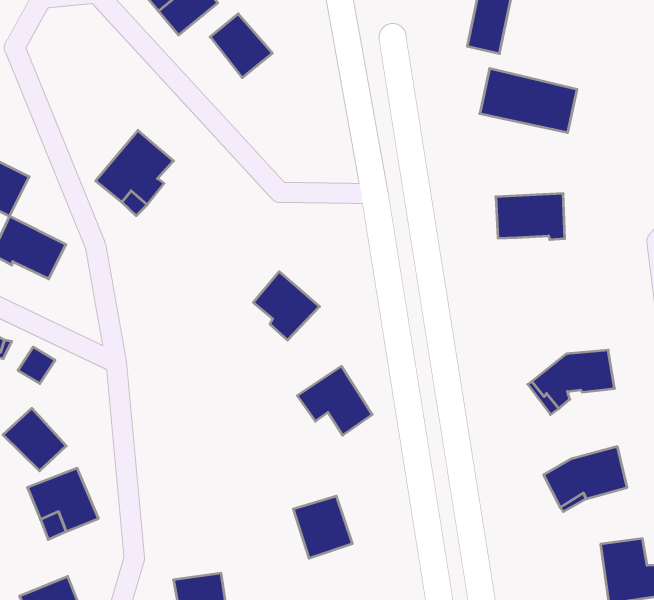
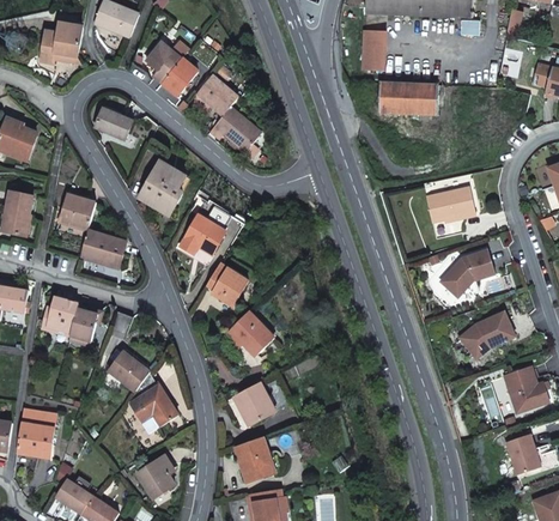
building: none -> [95,108,133,140]
building: none -> [213,105,261,152]
building: [496,194,565,240] -> [426,186,475,222]
building: none -> [180,214,226,254]
building: [253,272,320,340] -> [206,262,249,305]
building: [297,366,372,435] -> [224,310,274,355]
building: [293,496,352,558] -> [233,382,275,425]

